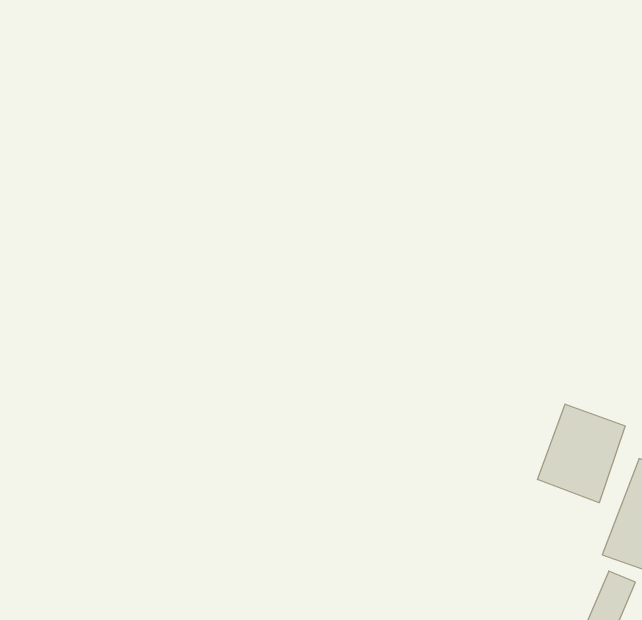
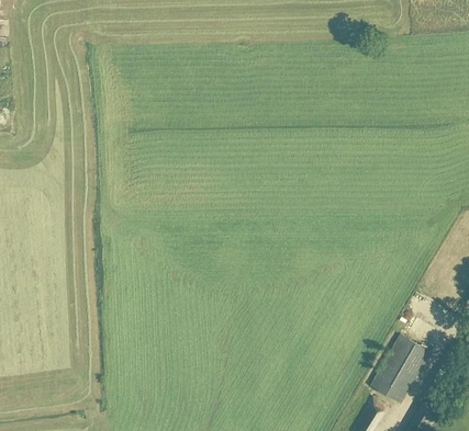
building: [538,404,625,503] -> none

